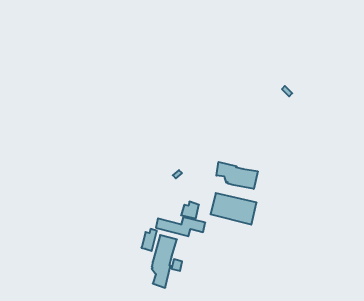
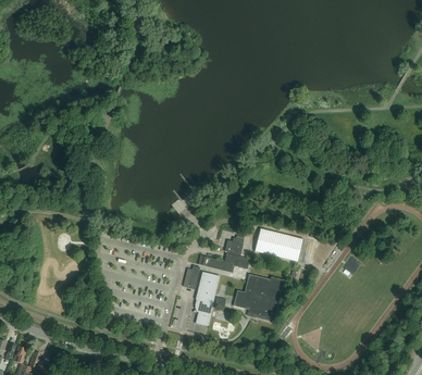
building: [216,162,258,189] -> none
building: none -> [234,274,285,320]

